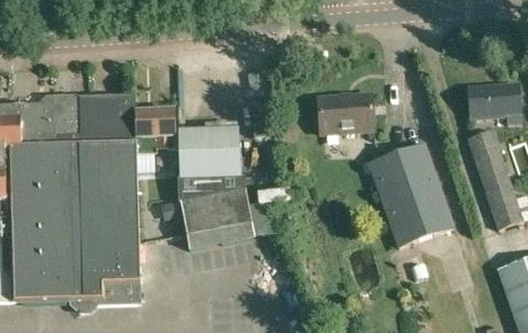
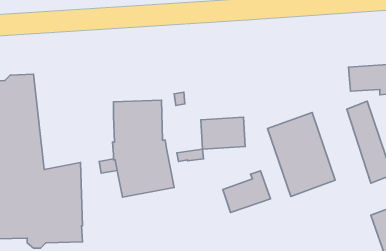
building: [319,92,374,132] -> [201,117,245,149]
building: [80,93,179,212] -> none
building: none -> [223,171,270,212]

